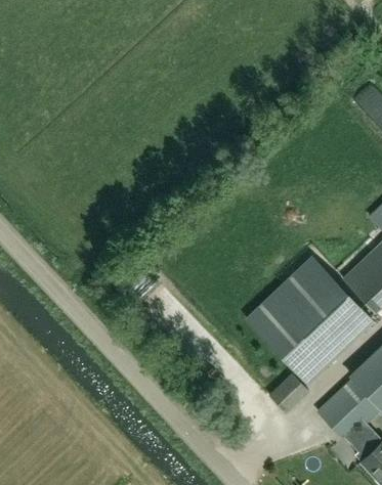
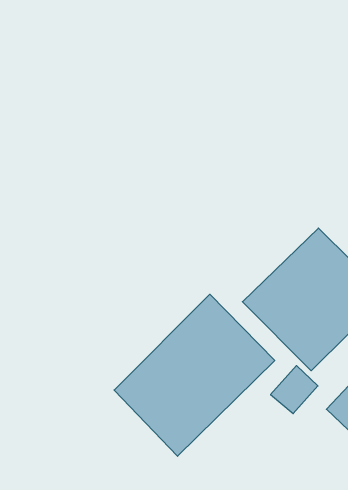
building: none -> [114,294,275,456]

